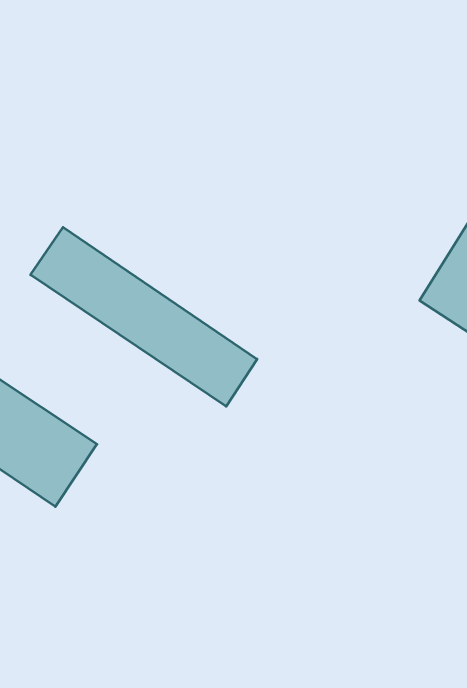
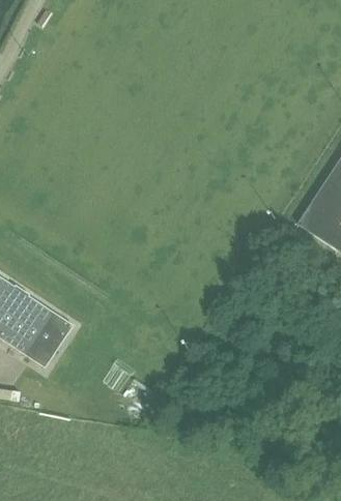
building: [31,227,257,406] -> none

